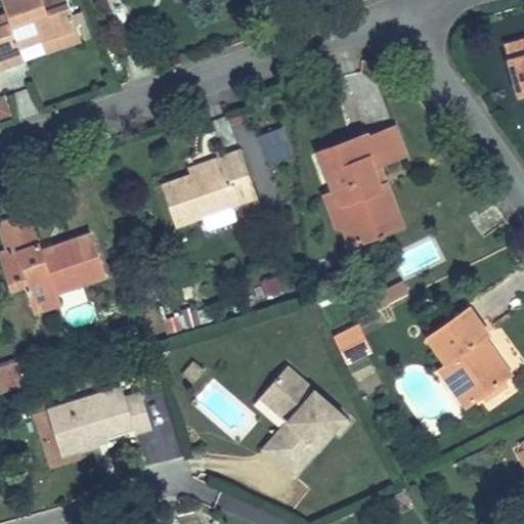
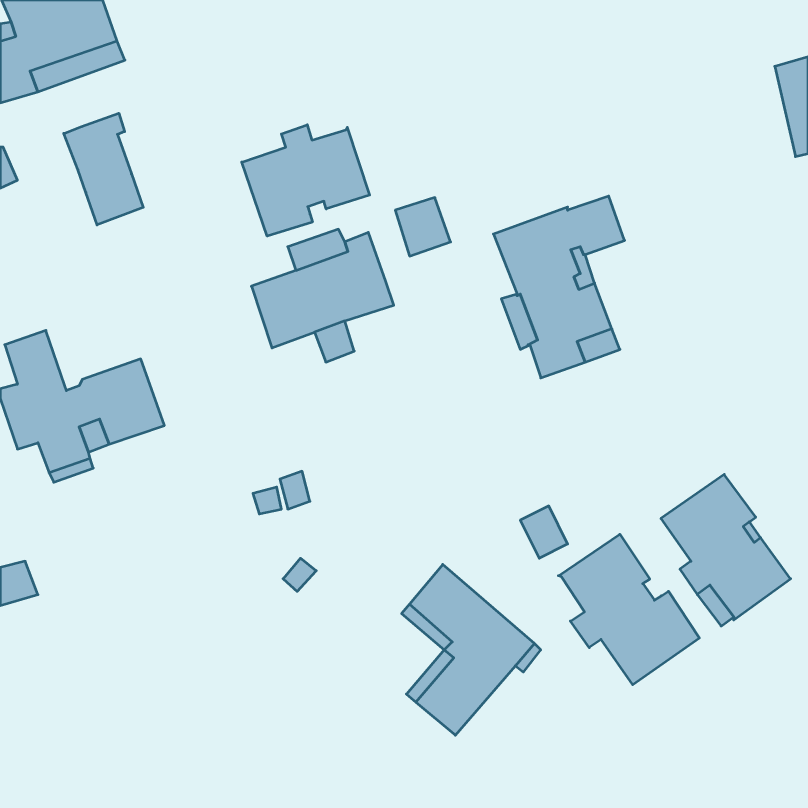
building: none -> [64,113,143,225]
building: none -> [242,125,370,236]
building: none -> [558,534,699,685]
building: [48,387,151,455] -> none

